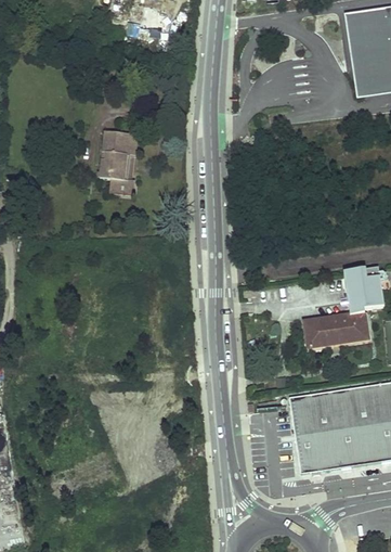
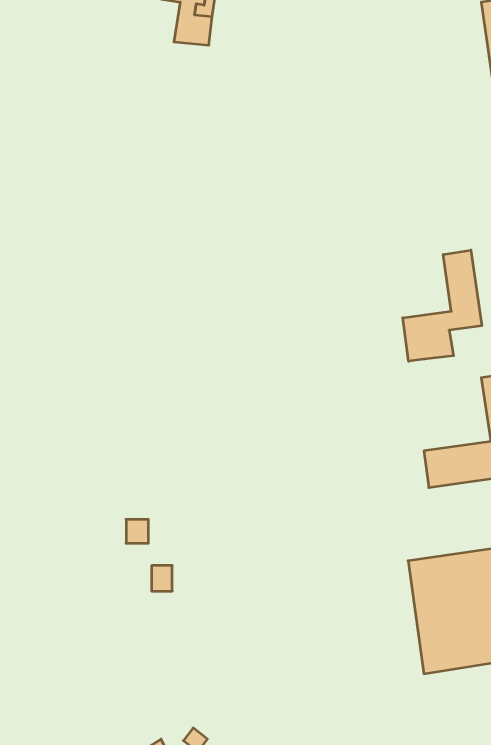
building: [100,129,139,191] -> none
building: none -> [403,250,482,361]

